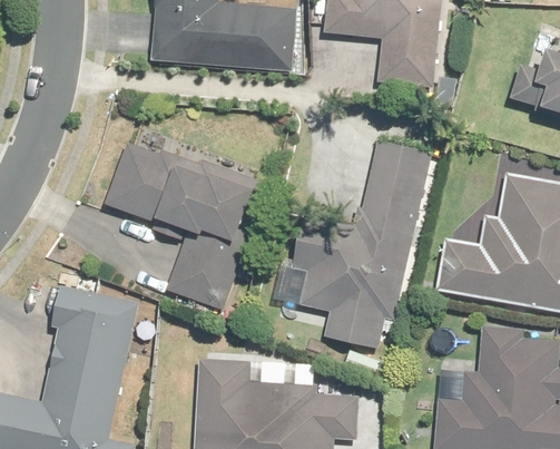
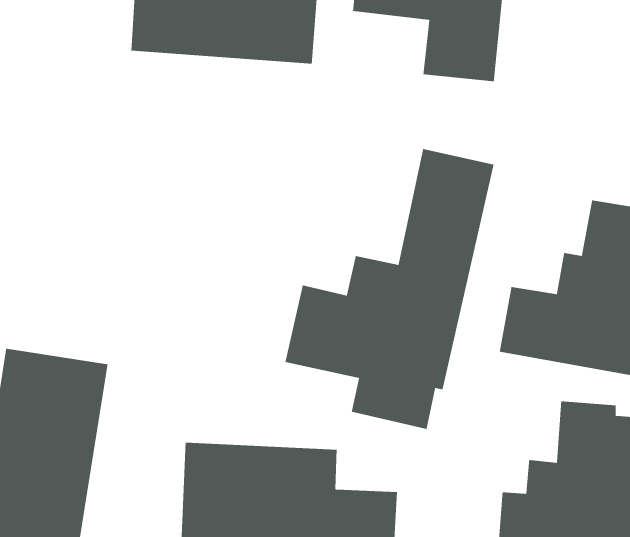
building: [107,143,255,303] -> none

